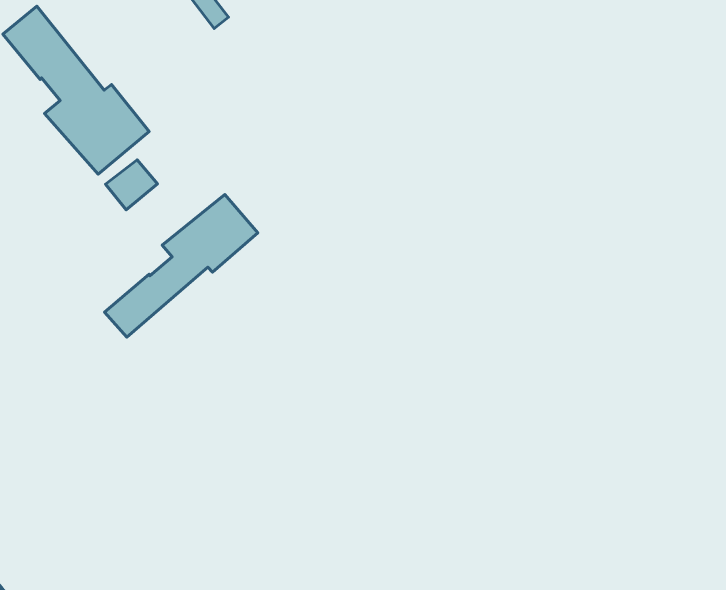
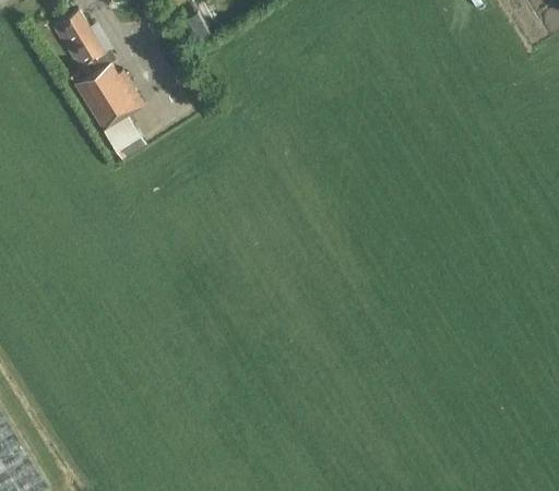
building: [105,194,258,337] -> none

